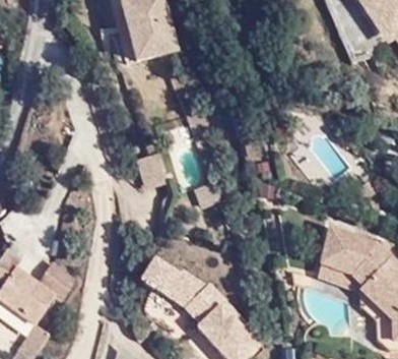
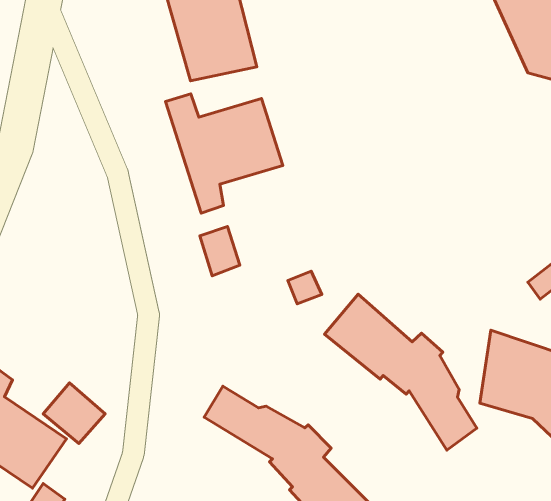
building: none -> [166,94,283,213]
building: none -> [324,294,477,450]

